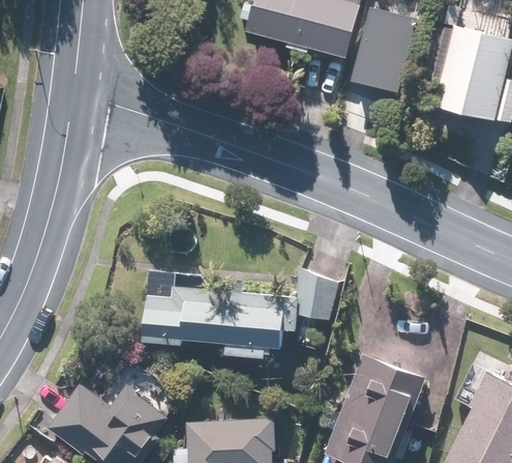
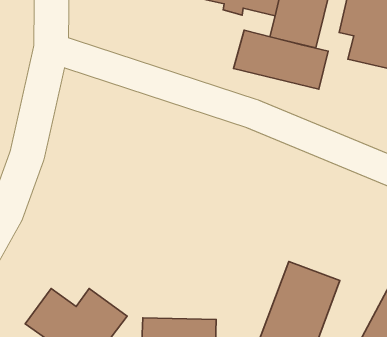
building: none -> [233,30,328,89]
building: [142,270,341,359] -> none

